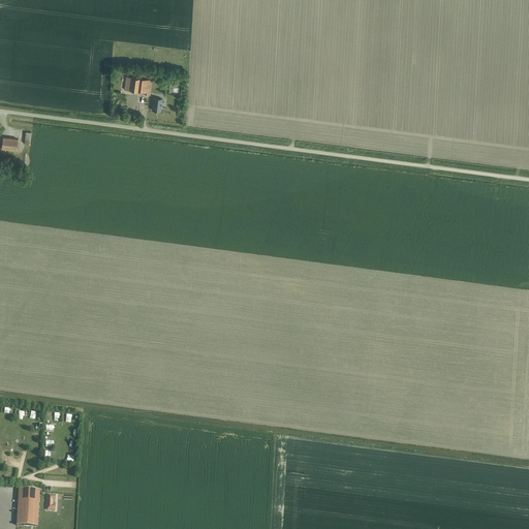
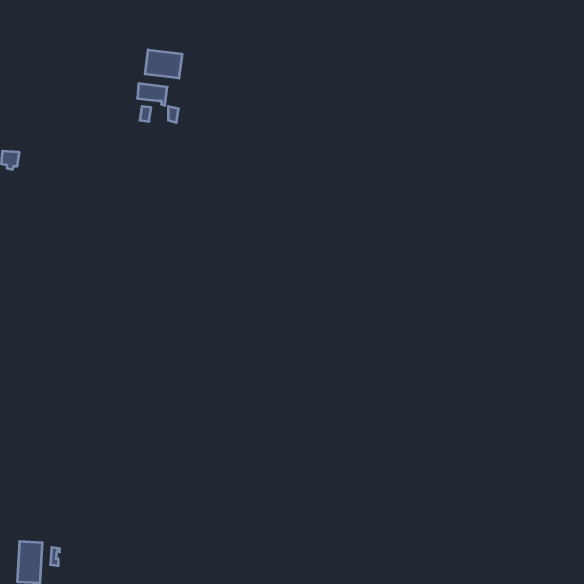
building: none -> [145,50,182,78]

